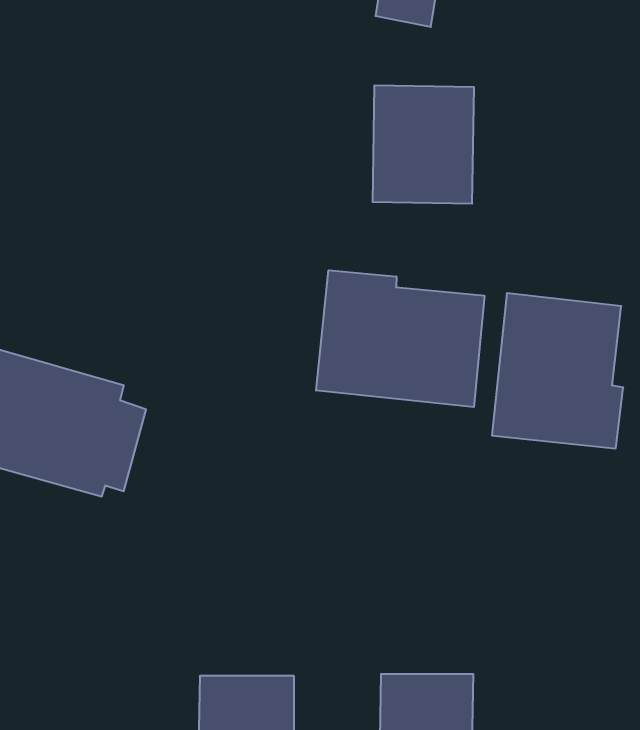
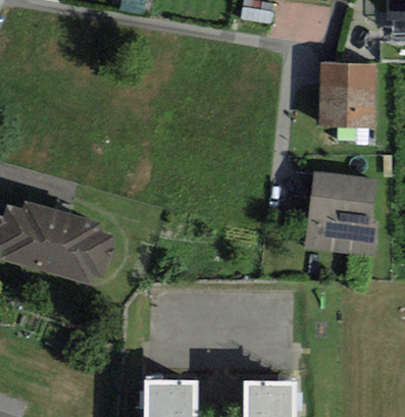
building: [372,85,474,204] -> [319,63,375,128]
building: [316,270,484,407] -> none

